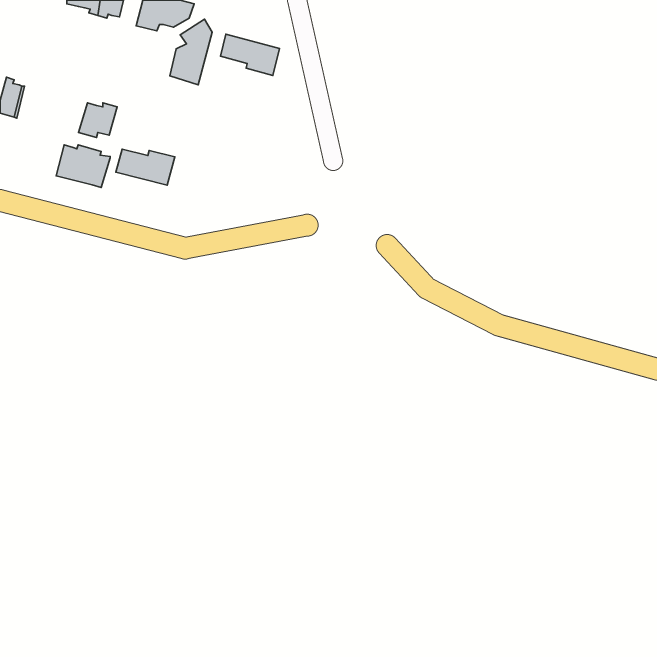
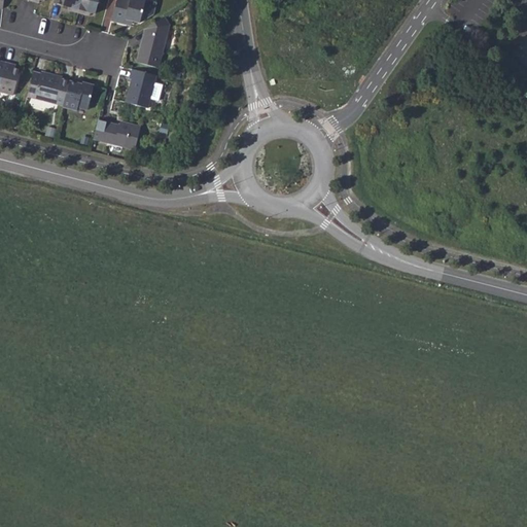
building: [221,34,279,76] -> none
building: none -> [125,69,155,107]
building: [56,145,110,187] -> [27,72,70,106]

